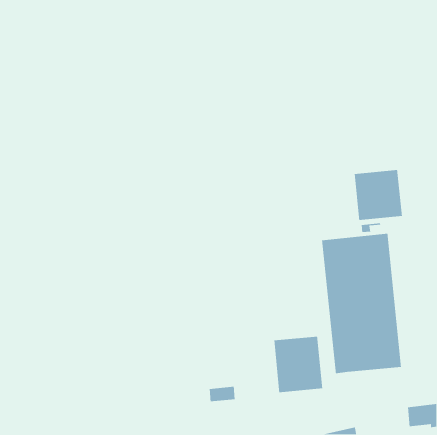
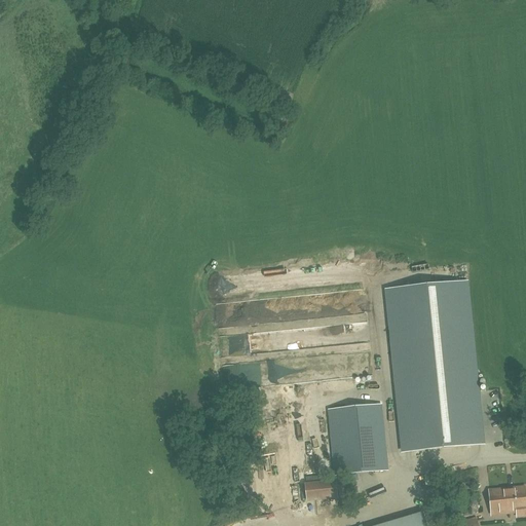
building: [354,169,403,221] -> none
building: [209,386,235,402] -> [304,479,336,498]

